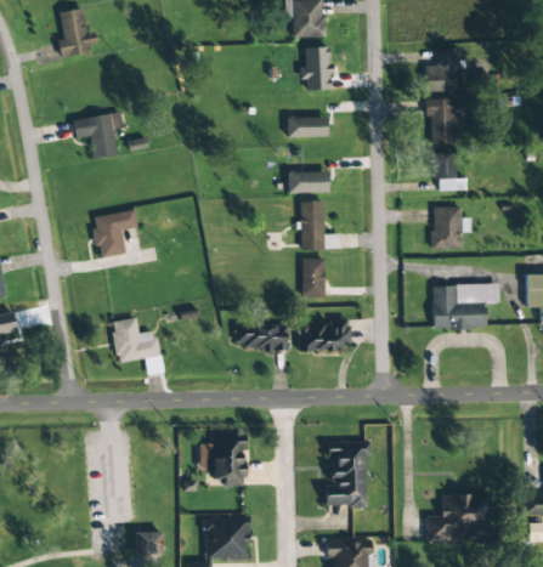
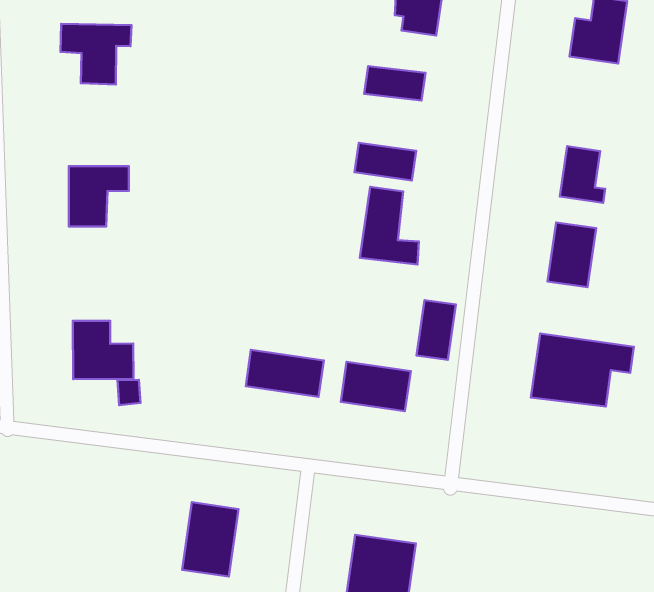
building: [425,97,457,143] -> none
building: [301,257,323,296] -> [417,300,456,360]

